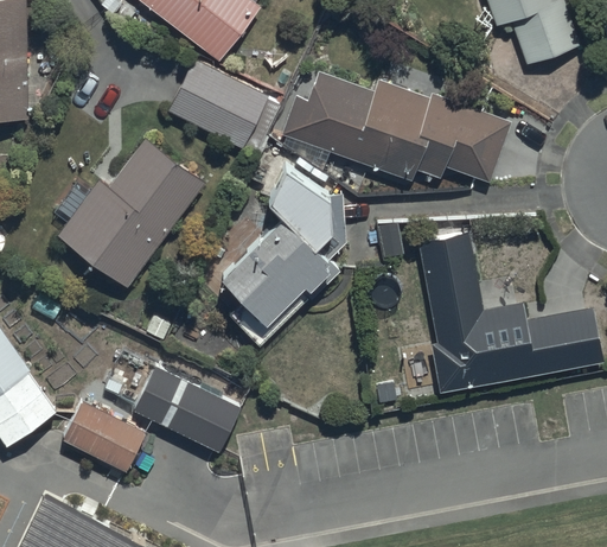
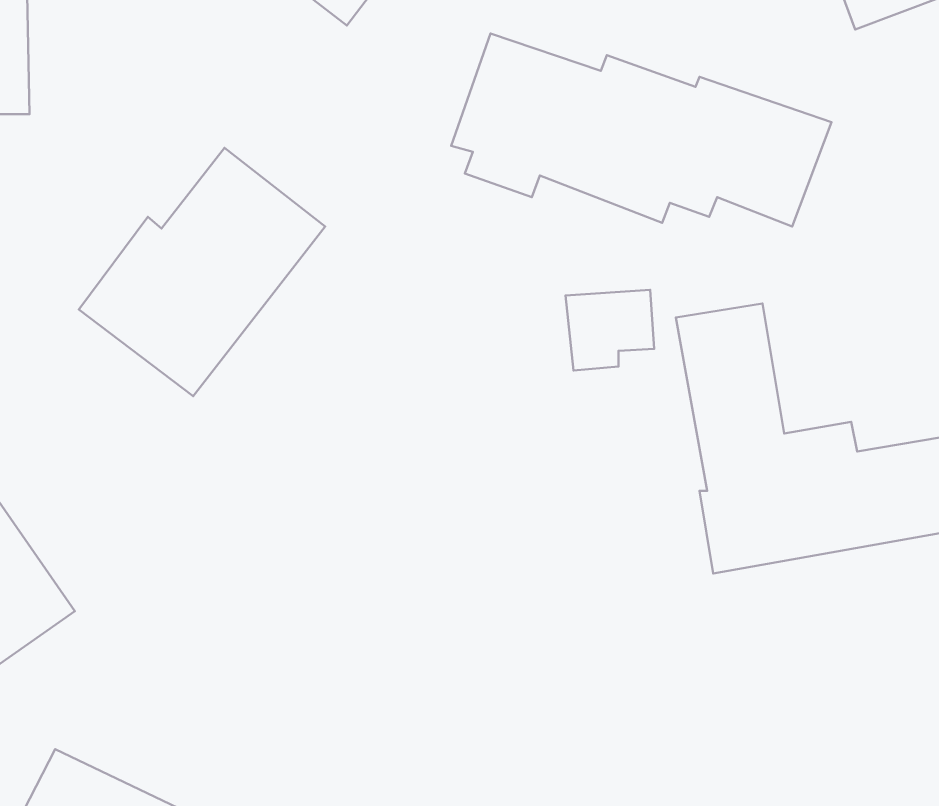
building: [167,56,267,146] -> none
building: [222,154,345,339] -> none
building: [135,374,241,457] -> none
building: [58,403,145,479] -> none

